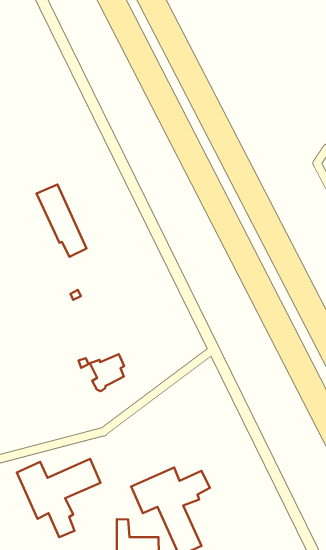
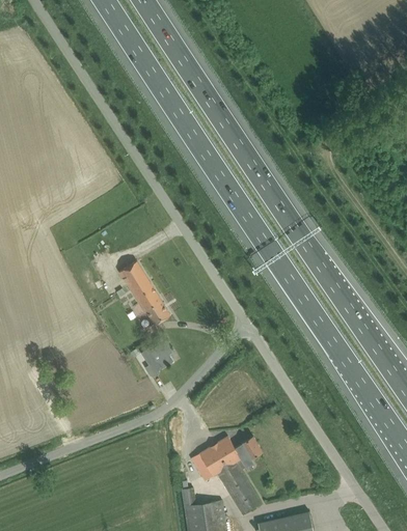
building: [37,185,87,257] -> [119,261,170,325]
building: [17,459,101,537] -> none

